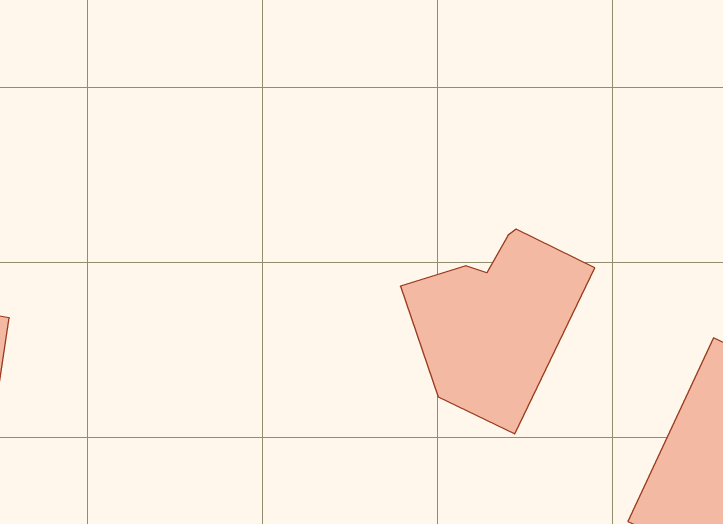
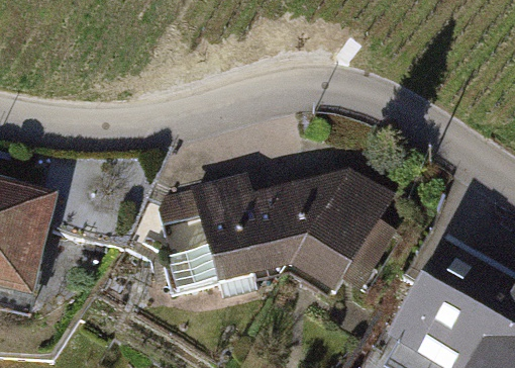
building: none -> [171,196,293,291]

